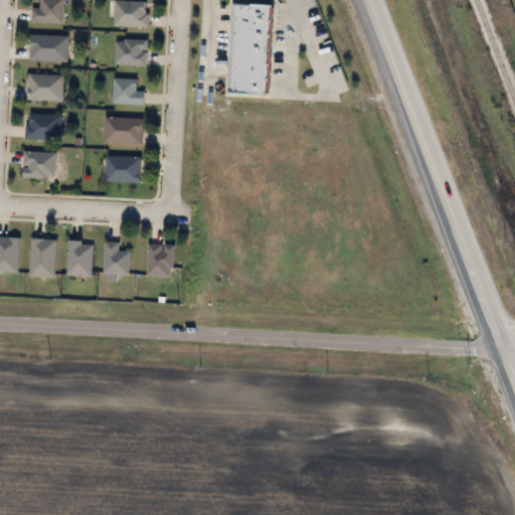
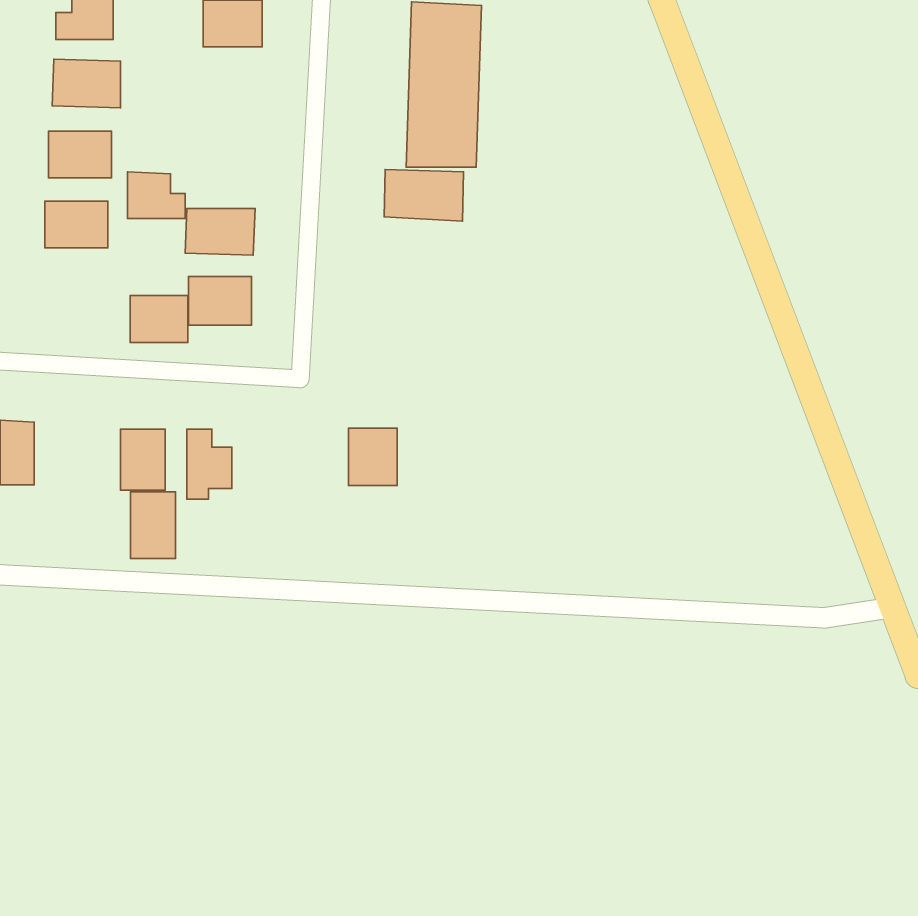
building: [115,38,147,64] -> none
building: [113,77,145,104] -> [128,172,185,219]
building: none -> [384,169,464,221]
building: [23,151,55,177] -> [130,296,188,342]
building: [30,238,55,276] -> [131,492,176,558]
building: [147,243,174,276] -> [349,428,397,486]

